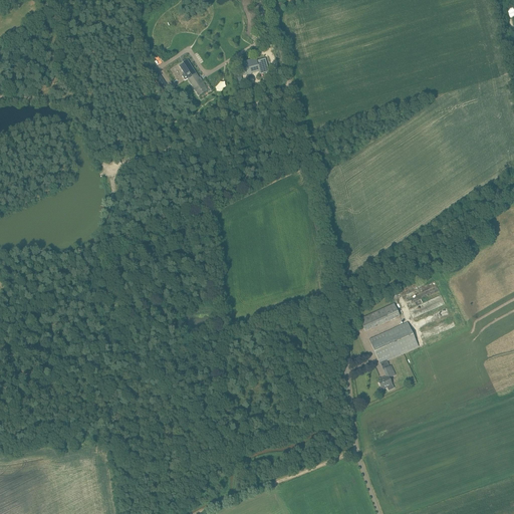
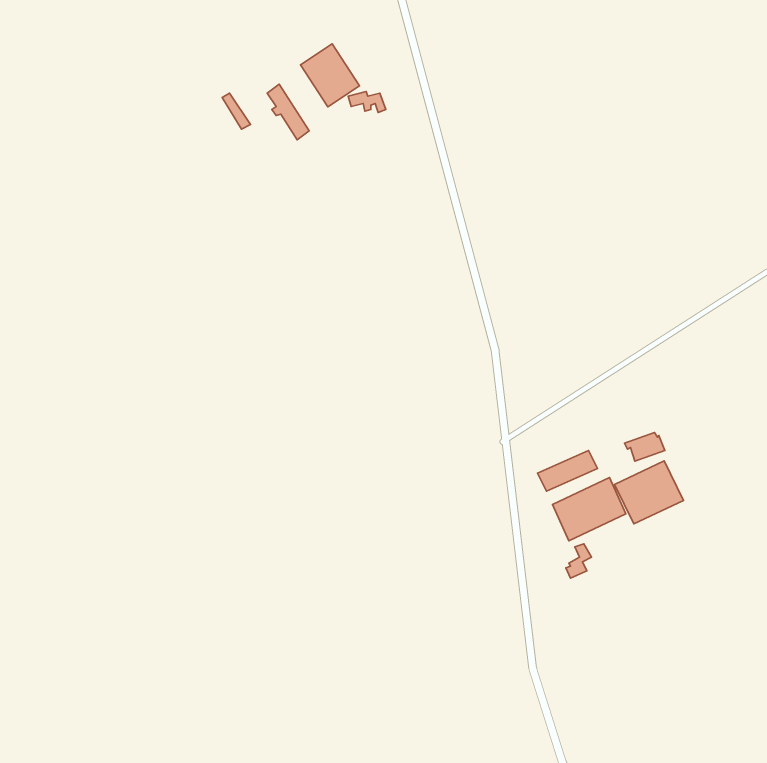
building: none -> [301,44,359,107]
building: none -> [615,461,683,524]

